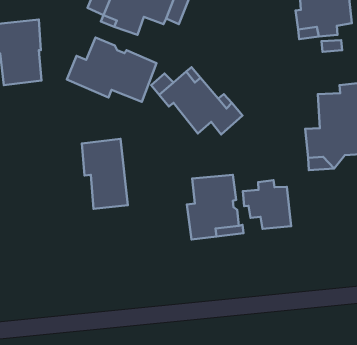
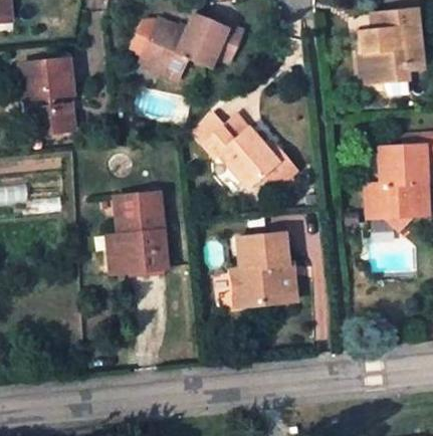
building: [67,38,156,102] -> none
building: none -> [106,234,131,274]
building: [243,180,291,229] -> none

